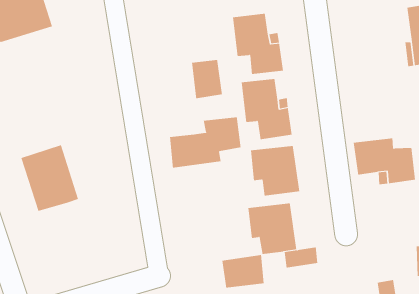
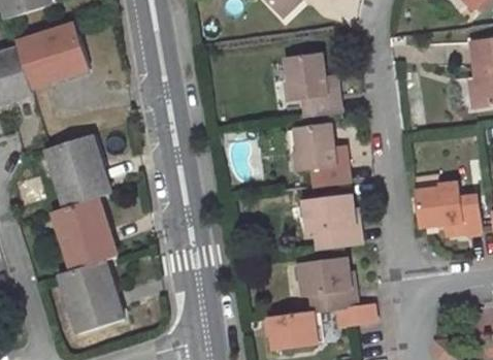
building: [191,59,222,99] -> none
building: none -> [47,131,111,204]
building: [169,116,241,168] -> none
building: none -> [61,257,125,330]

